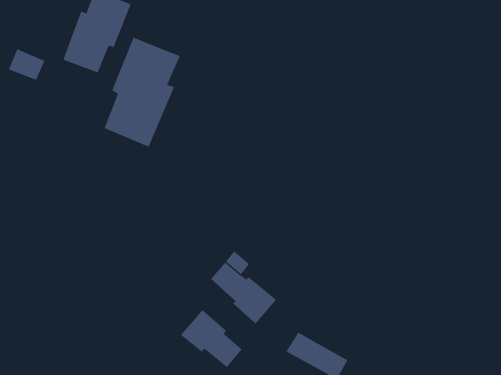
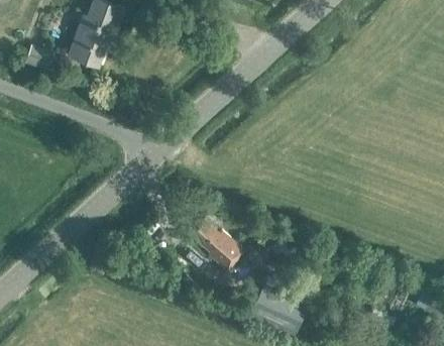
building: [104,37,180,147] -> none
building: [180,309,243,368] -> none

